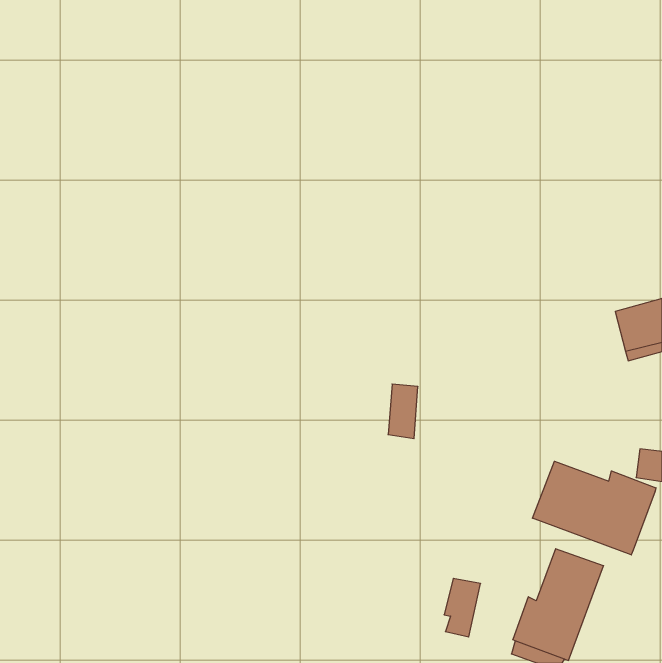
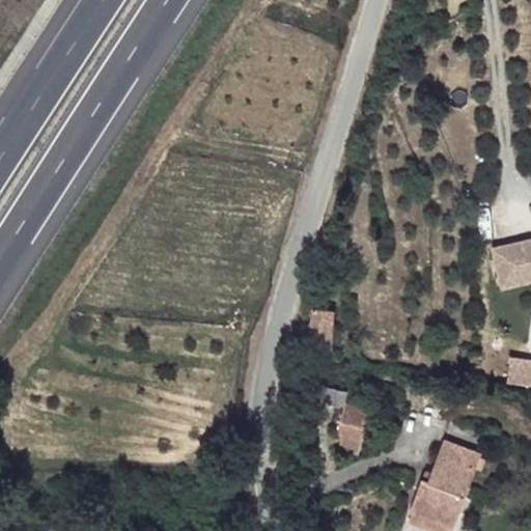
building: [532,461,656,555] -> none
building: [444,578,481,637] -> [338,404,367,451]

